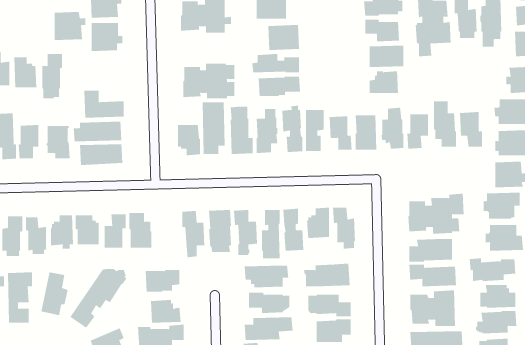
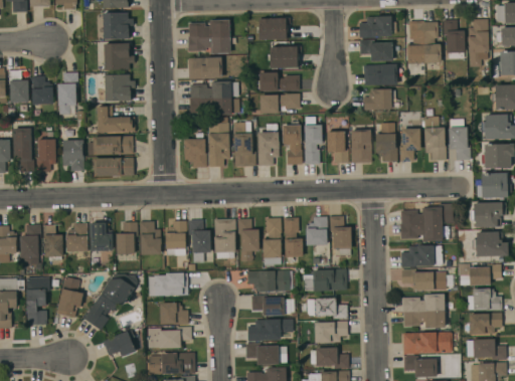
building: [54,12,86,41] -> [105,74,135,102]
building: none -> [188,57,221,79]
building: none -> [164,221,186,255]

